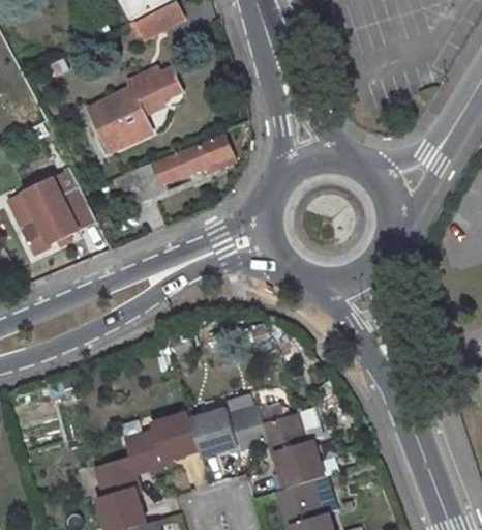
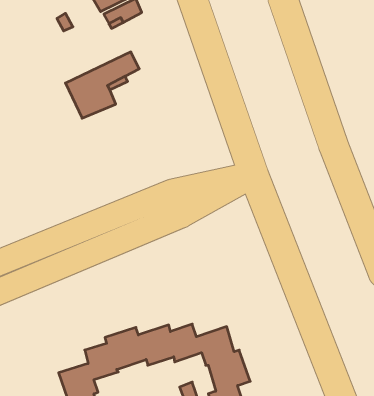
building: [125,129,240,202] -> none
building: [26,178,99,254] -> none

